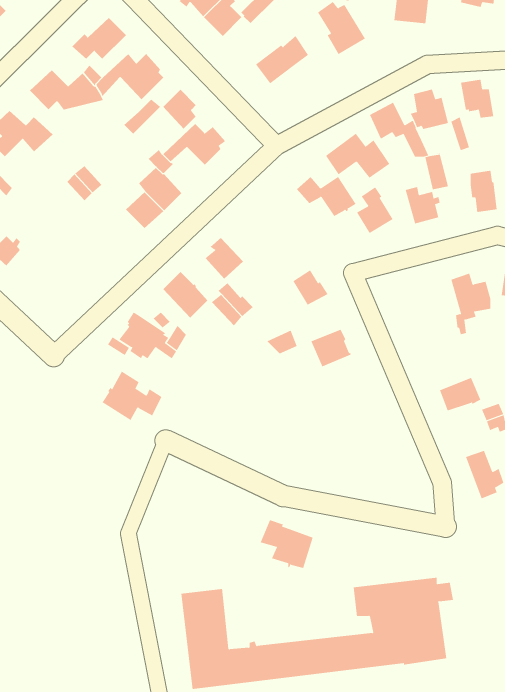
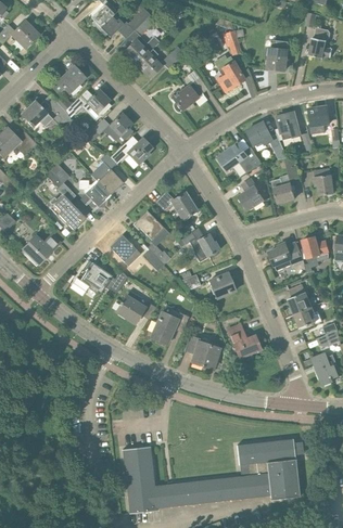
building: [296,176,356,217] -> [156,192,196,219]
building: none -> [54,194,86,230]
building: none -> [22,233,60,265]
building: none -> [269,241,303,267]
building: none -> [288,284,316,313]
building: [100,371,162,421] -> [115,289,156,323]
building: none -> [152,308,189,342]
building: none -> [228,323,261,358]
building: [260,520,313,568] -> [183,335,219,368]

